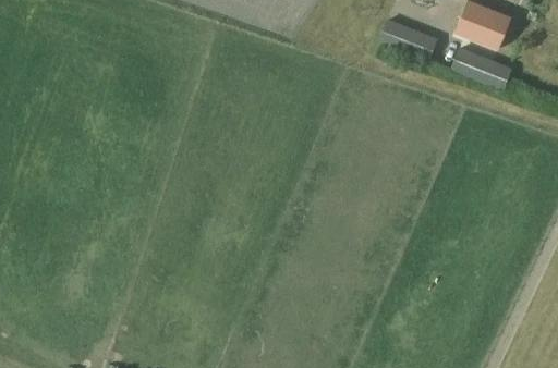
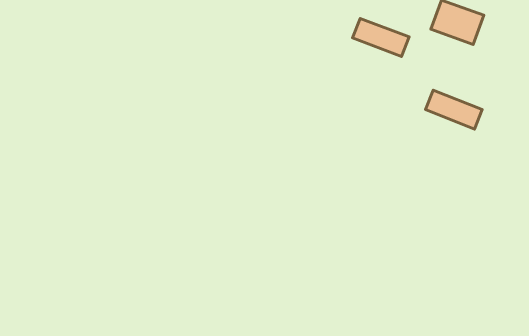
building: [453,49,510,88] -> [426,90,482,129]

